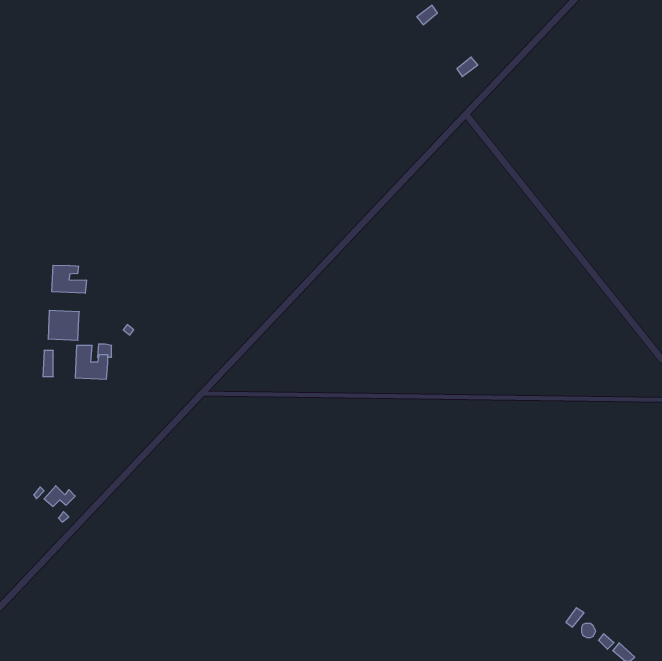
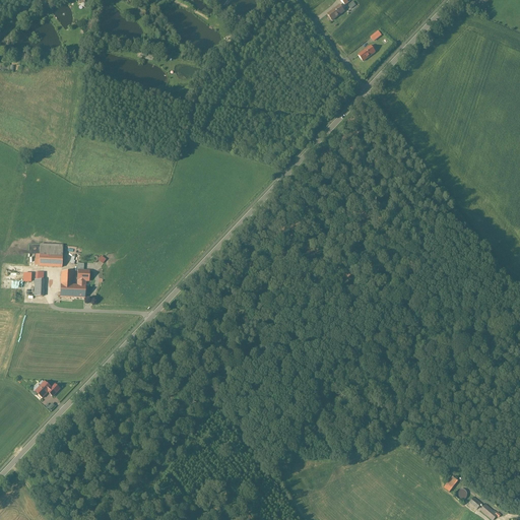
building: [52,265,86,293] -> none

